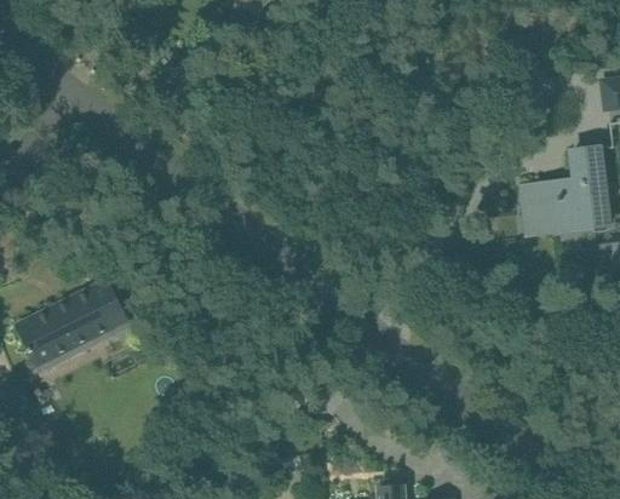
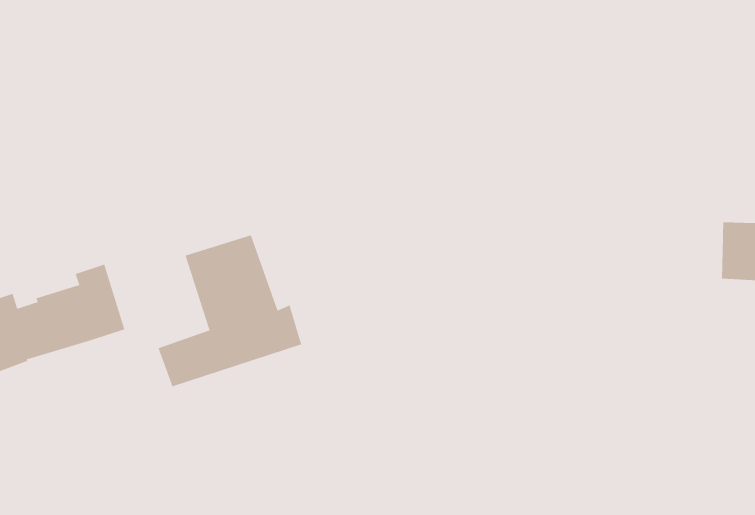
building: none -> [158,234,302,387]

